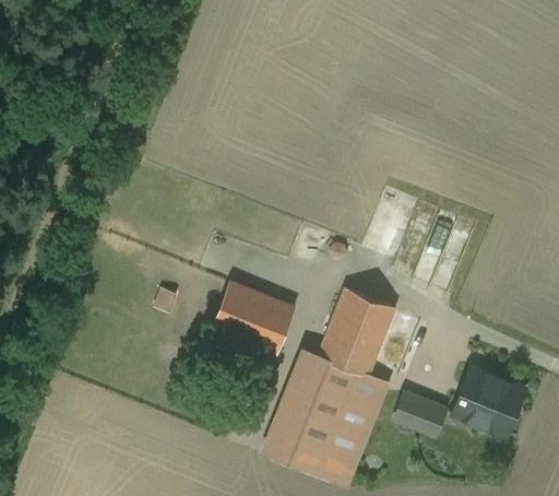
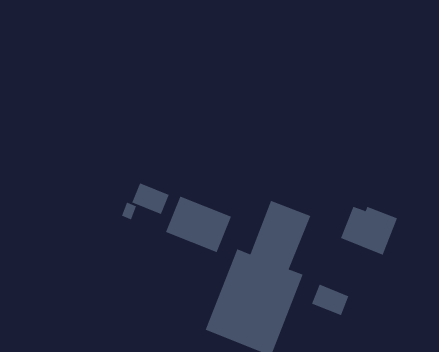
building: none -> [131,183,169,215]
building: [452,373,525,435] -> [340,206,398,255]

